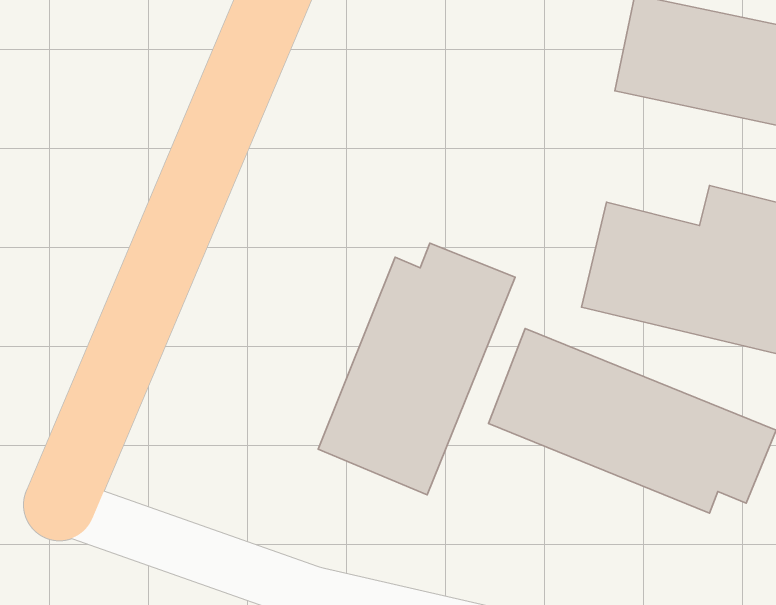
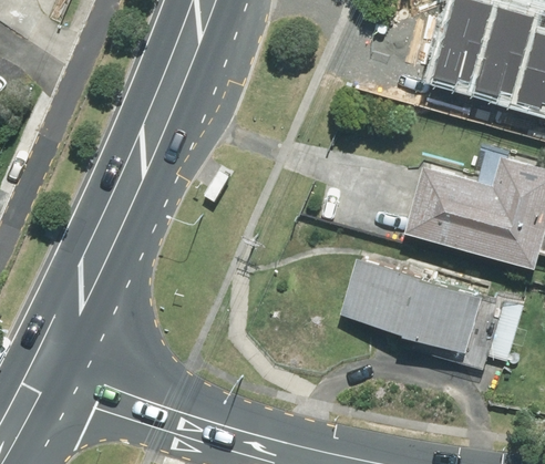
building: [318,243,515,495] -> none

